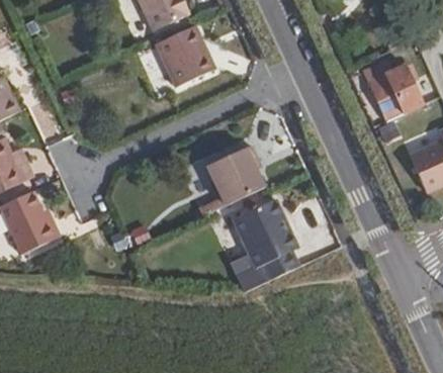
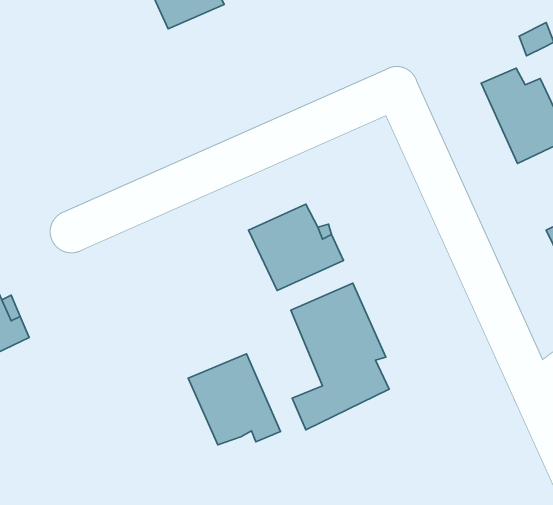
building: [156,25,215,86] -> none
building: none -> [188,354,280,445]

